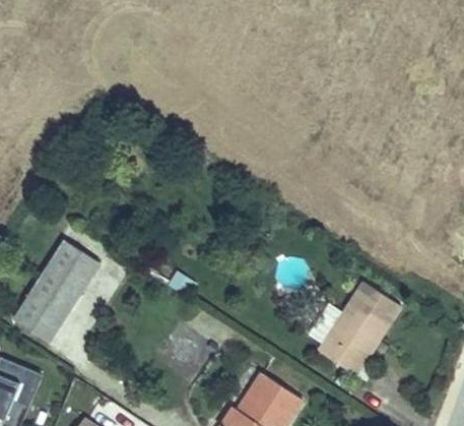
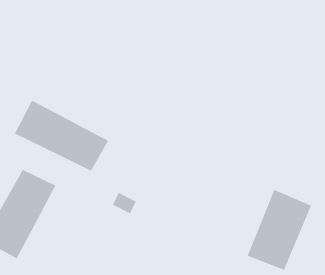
building: none -> [14,100,109,172]

